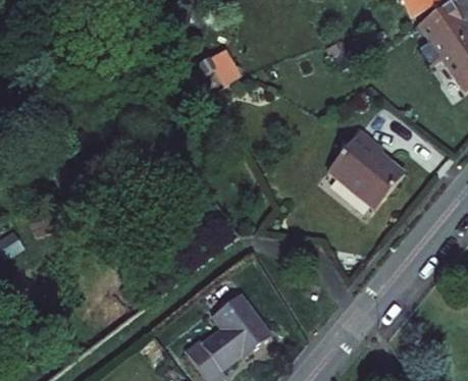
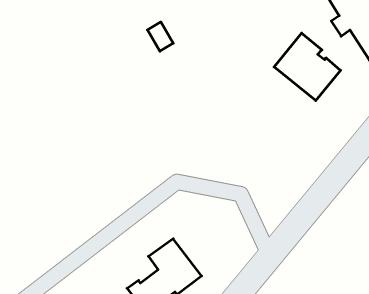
building: [325,131,402,209] -> [274,33,341,101]

